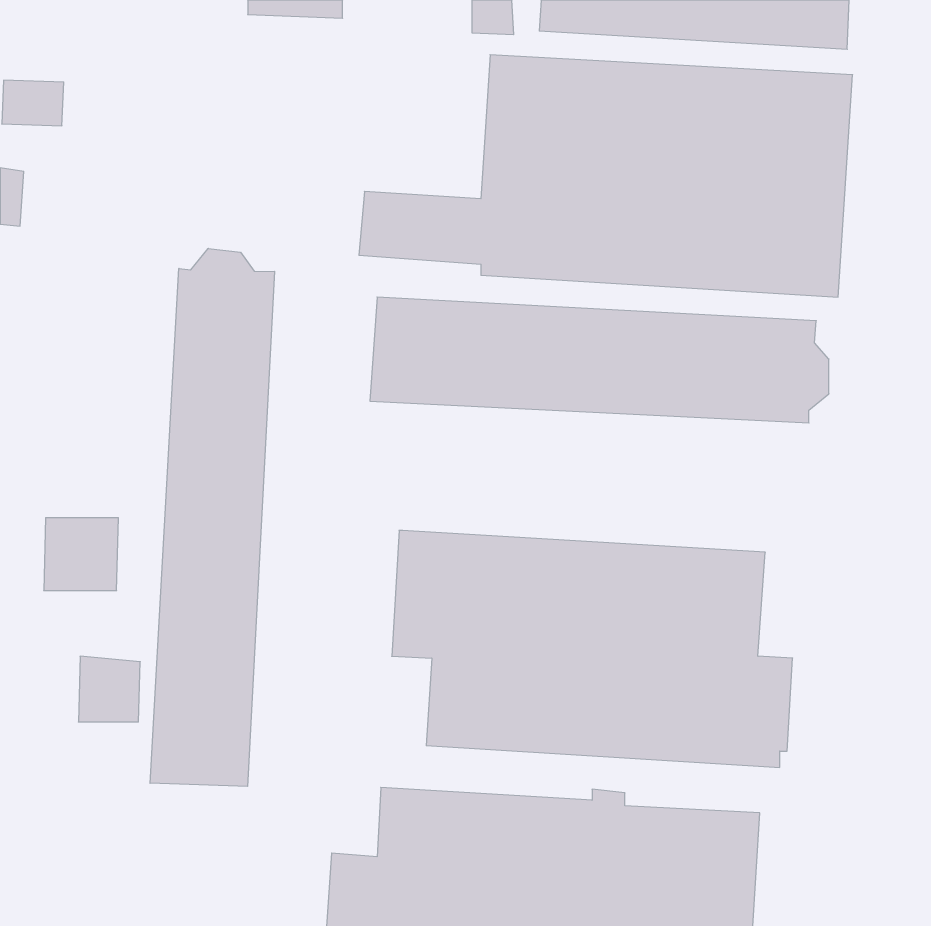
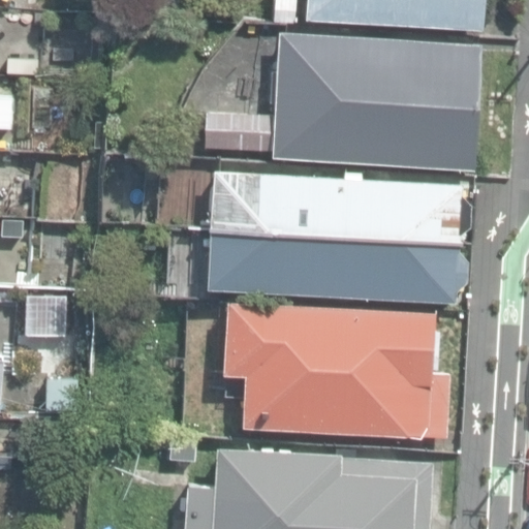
building: [150,248,275,786] -> none
building: none -> [207,230,467,304]

